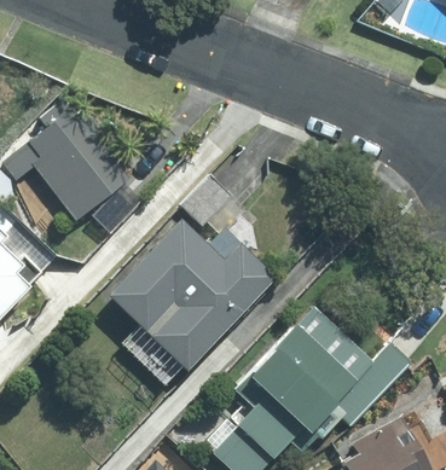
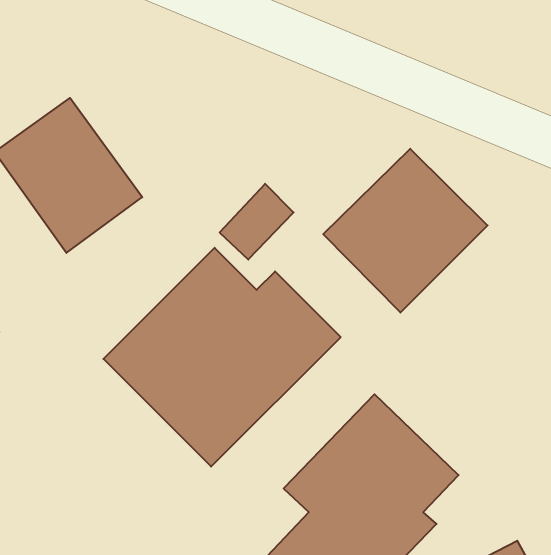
building: none -> [323,149,488,313]
building: [332,342,416,429] -> none

